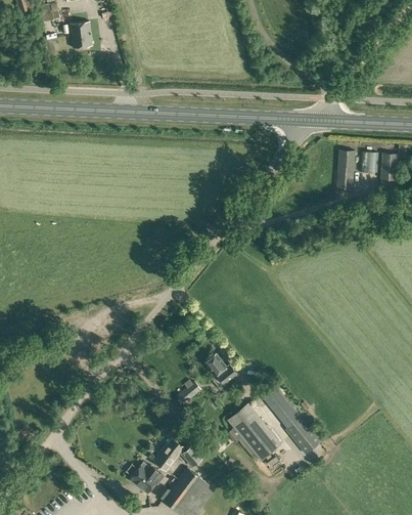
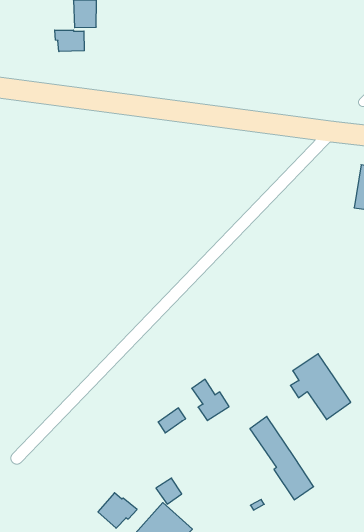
building: none -> [55,30,84,52]
building: [226,402,281,461] -> [290,354,351,420]
building: [154,438,183,470] -> none

